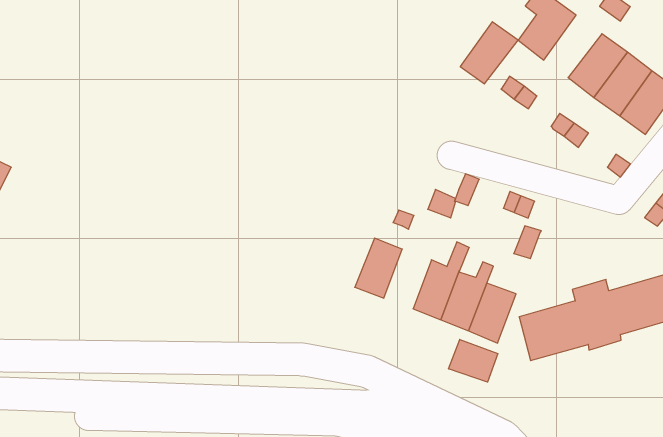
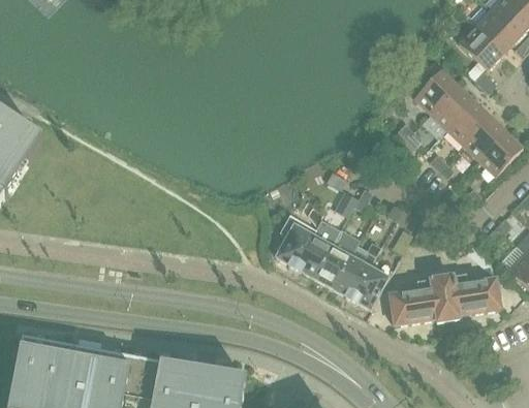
building: [460,22,518,84] -> [430,82,473,125]
building: none -> [294,231,332,275]
building: [449,339,498,382] -> none

